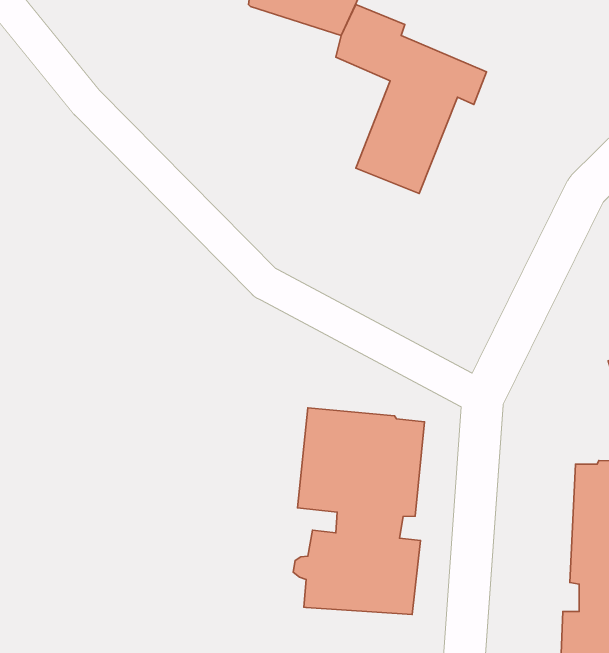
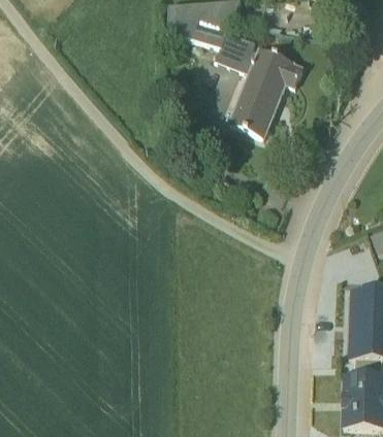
building: [293,408,425,614] -> none

